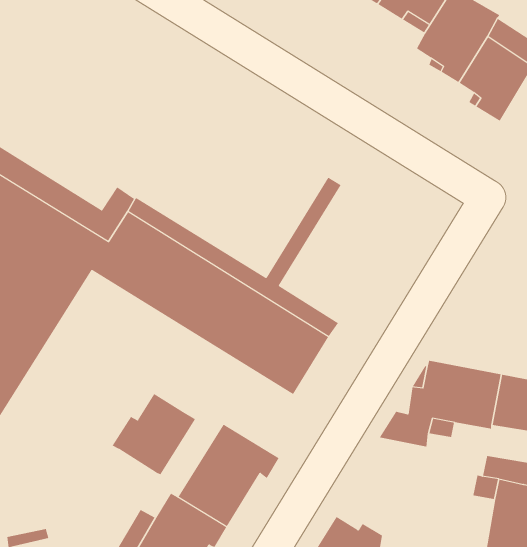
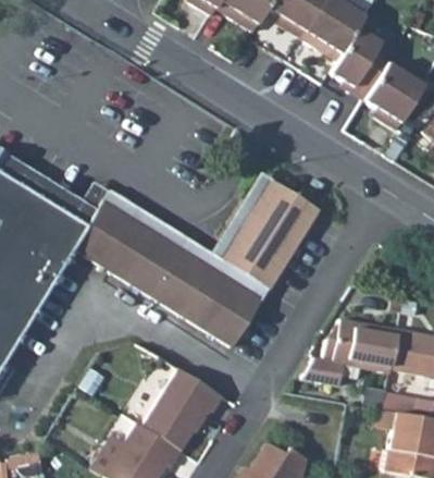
building: none -> [223,181,319,290]
building: [112,393,196,475] -> none

